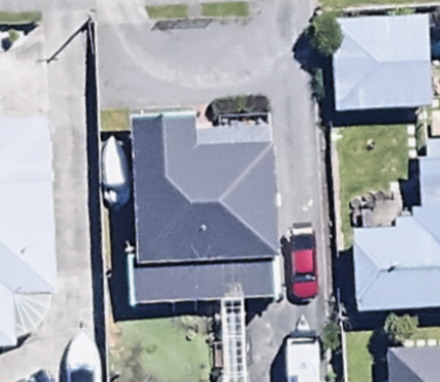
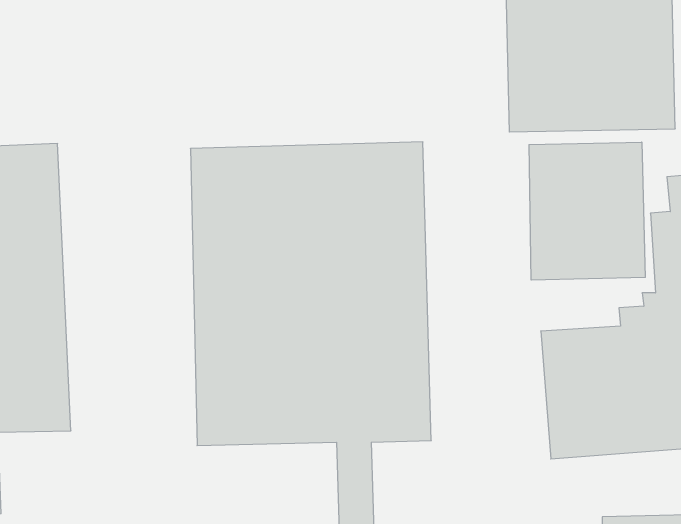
building: none -> [529,142,645,280]

